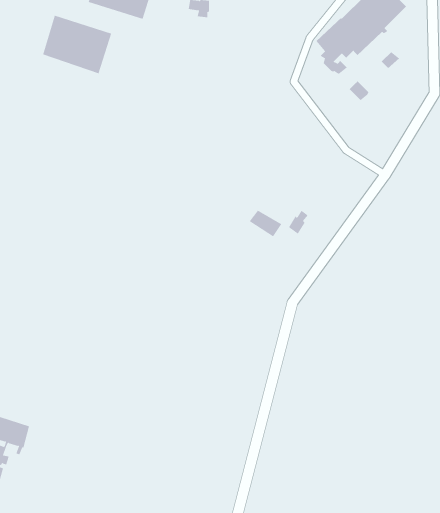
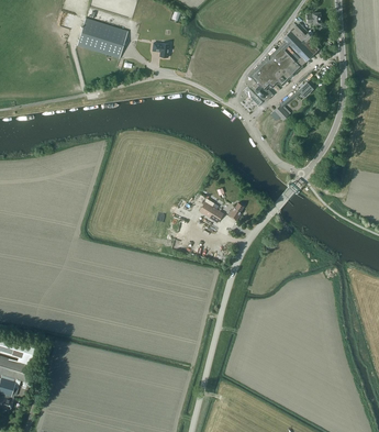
building: [42,15,112,74] -> none

